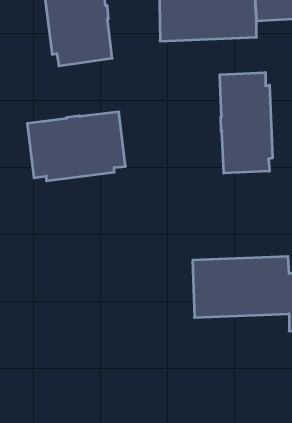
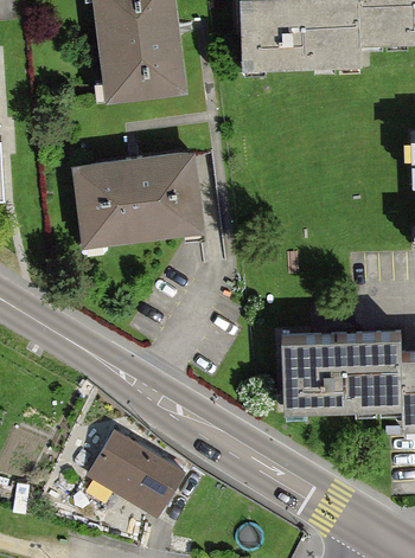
building: [220,72,272,173] -> none
building: none -> [88,436,180,517]

